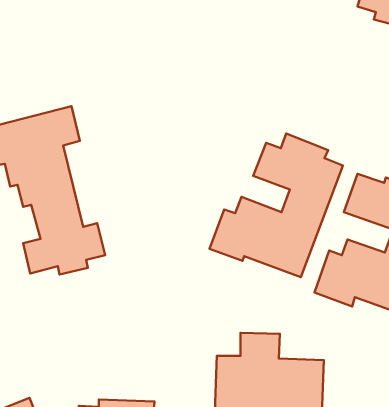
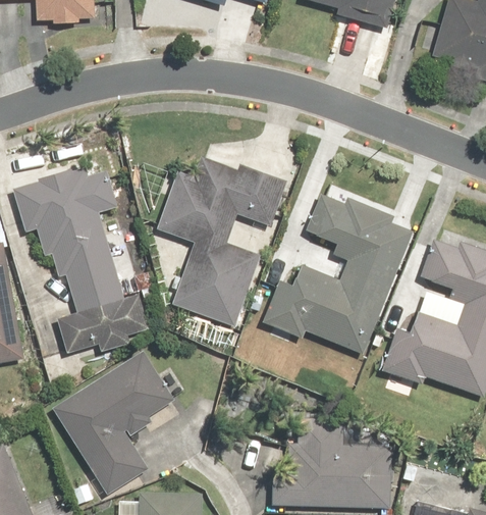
building: none -> [158,158,291,326]
building: none -> [50,349,173,494]

